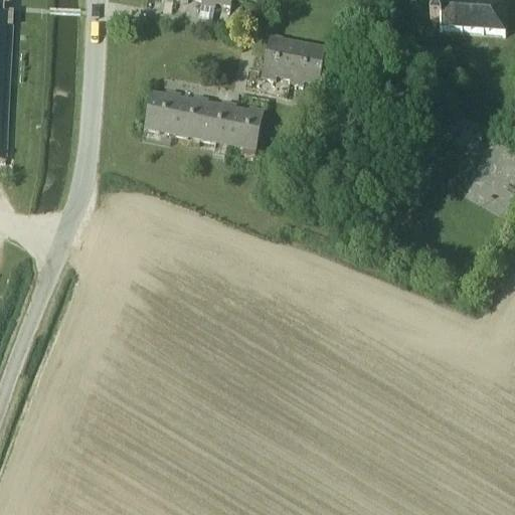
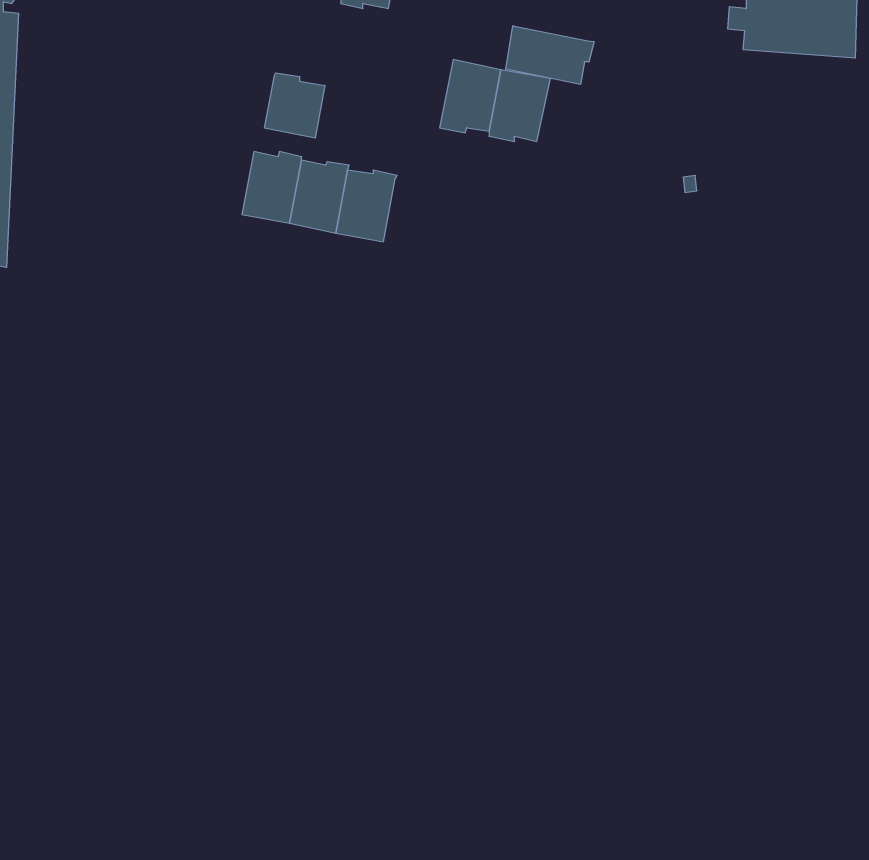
building: none -> [506,26,594,84]
building: none -> [265,73,325,138]
building: [226,106,263,148] -> none

